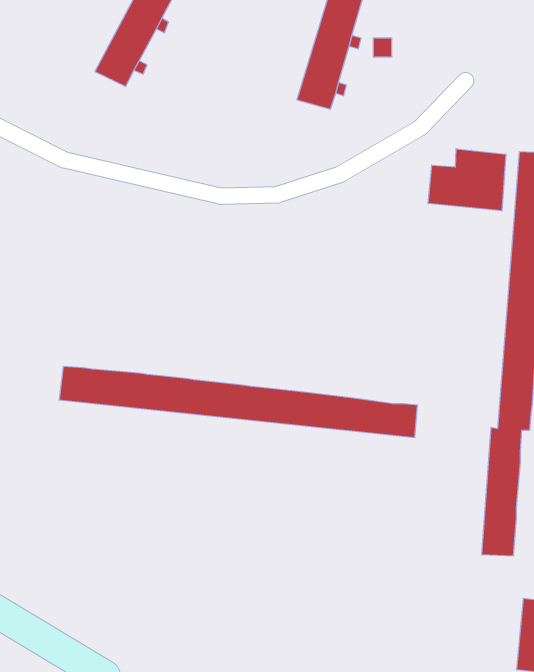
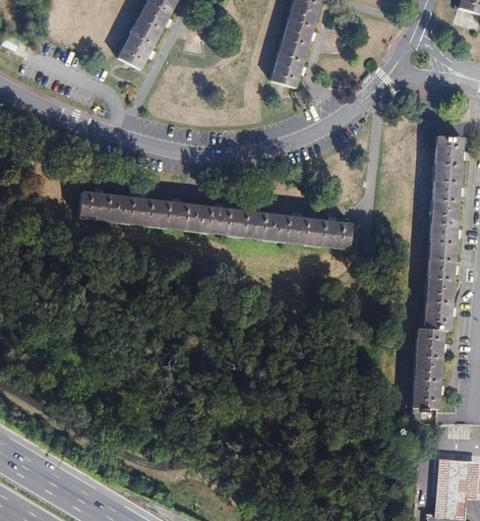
building: [428,149,506,211] -> none
building: [59,367,418,437] -> [78,192,351,246]

